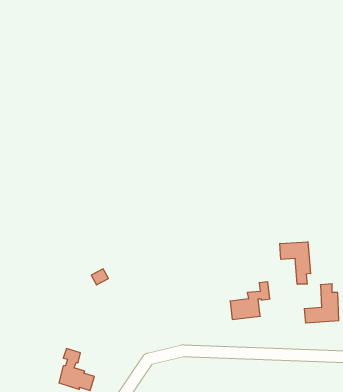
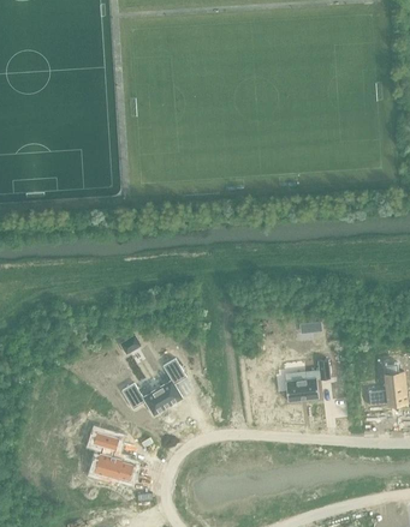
building: [280,242,311,284] -> none
building: none -> [119,357,184,413]

